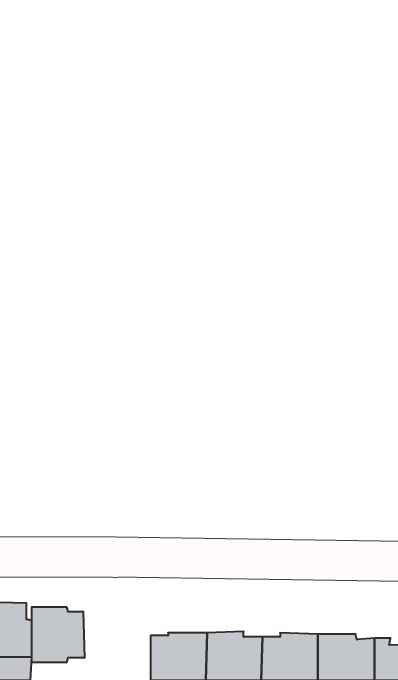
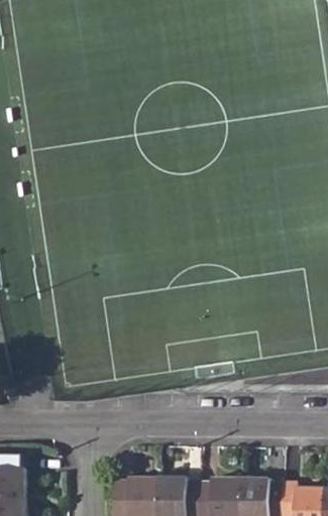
building: [32,607,84,663] -> none

